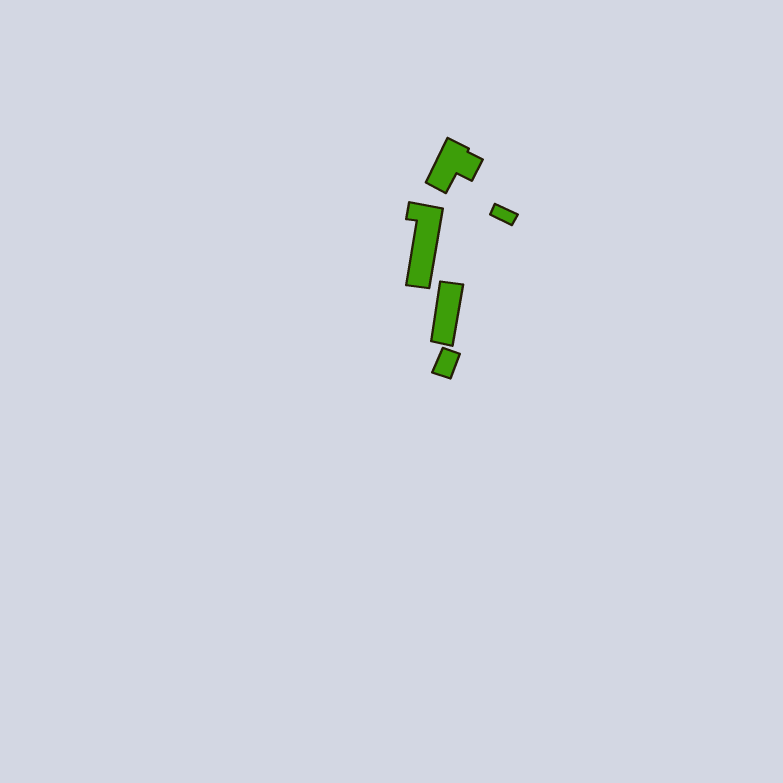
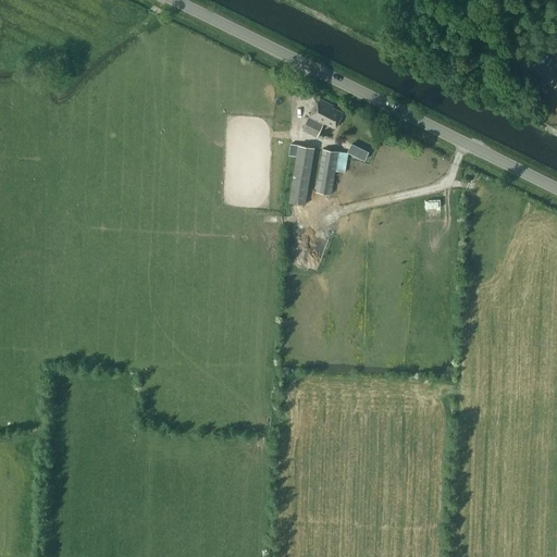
building: [431,282,463,346] -> [315,149,338,195]

